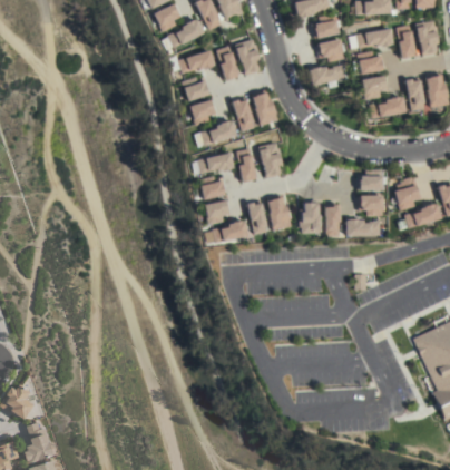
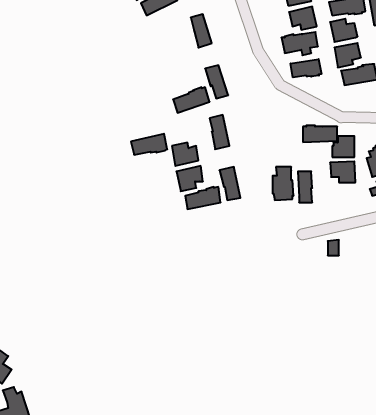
building: [235,39,265,76] -> none
building: [177,50,215,74] -> none
building: [182,76,209,101] -> none
building: [253,90,278,125] -> none
building: none -> [291,59,321,77]
building: [188,99,216,126] -> none
building: [258,143,283,178] -> none
building: [196,153,233,174] -> [131,134,167,155]
building: [267,195,292,231] -> none
building: [345,219,380,236] -> [303,125,337,142]

